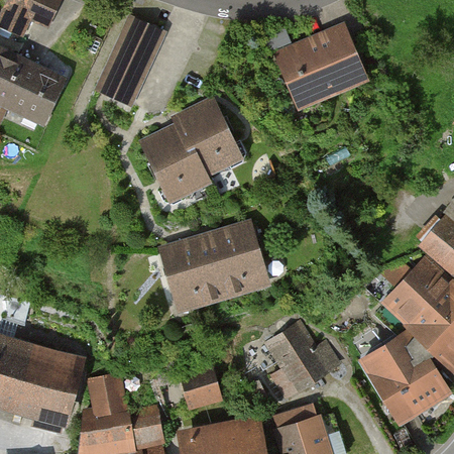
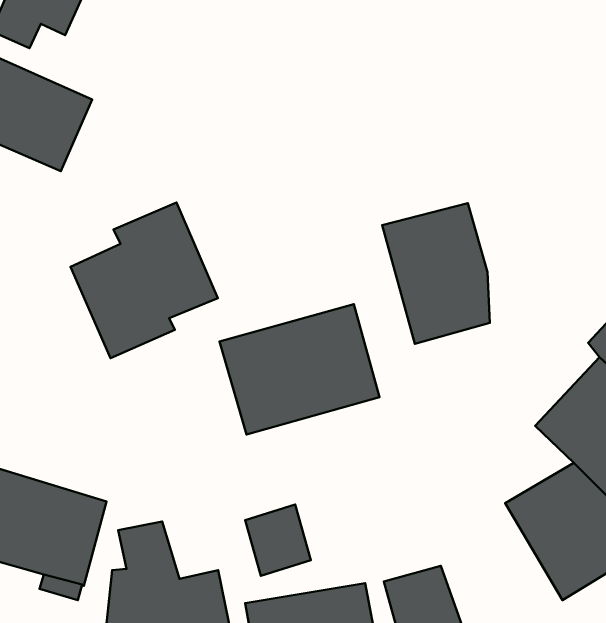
building: [92,15,165,108] -> none
building: [270,18,368,113] -> none
building: [140,96,244,206] -> [71,202,218,358]
building: none -> [382,203,490,344]
building: [262,319,345,401] -> none

